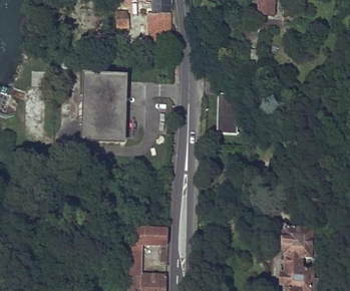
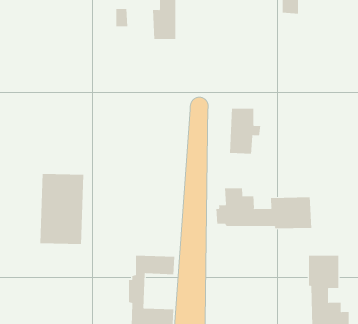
building: [84,76,123,138] -> [39,173,84,245]
building: none -> [216,187,312,229]

